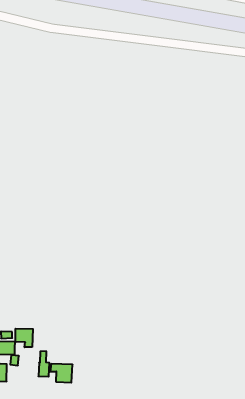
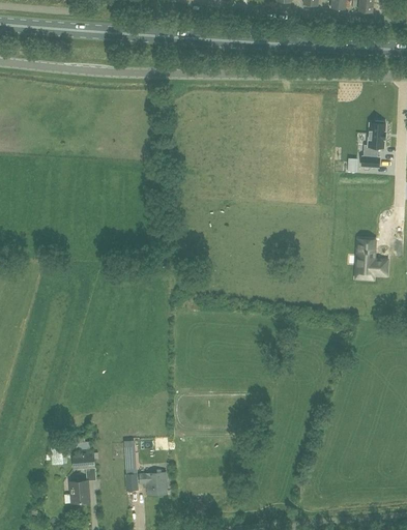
building: [15,329,33,347] -> none

